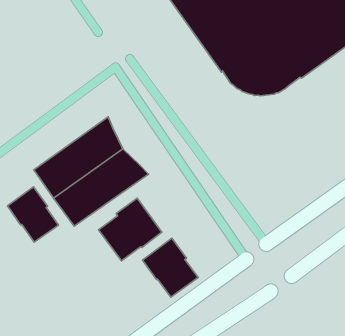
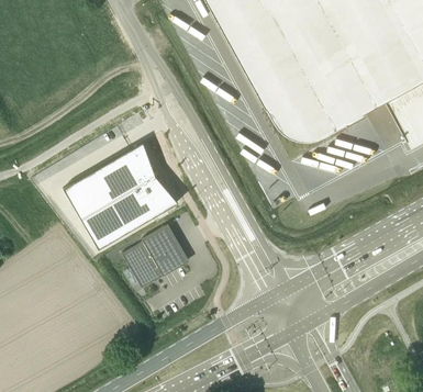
building: [8,187,59,242] -> none
building: [143,238,198,297] -> none

